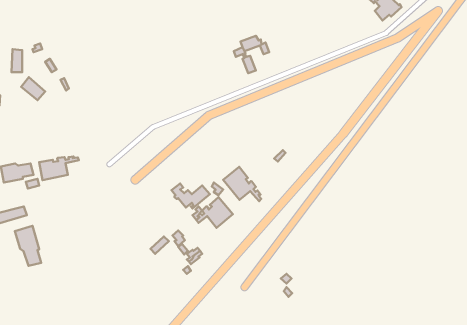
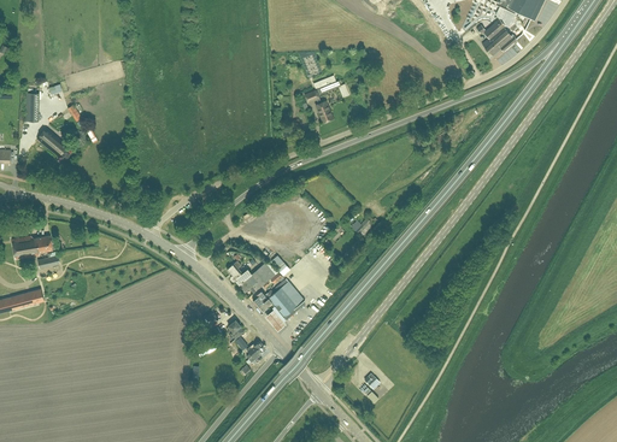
building: [39,156,79,180] -> none
building: [223,167,261,201] -> none
building: [15,226,41,266] -> none

